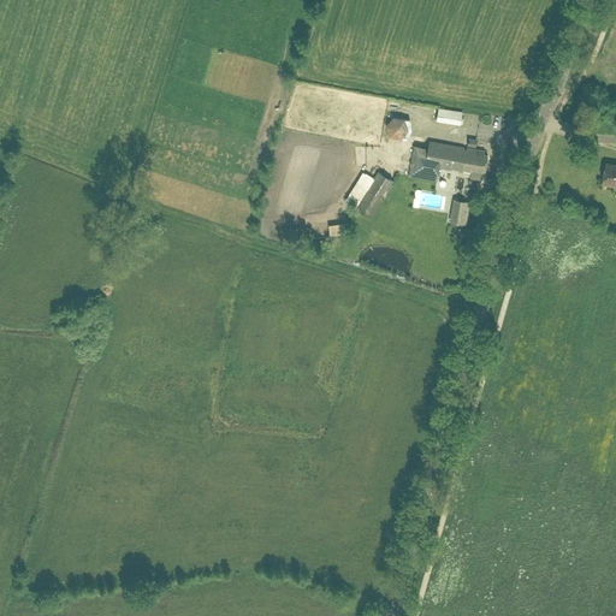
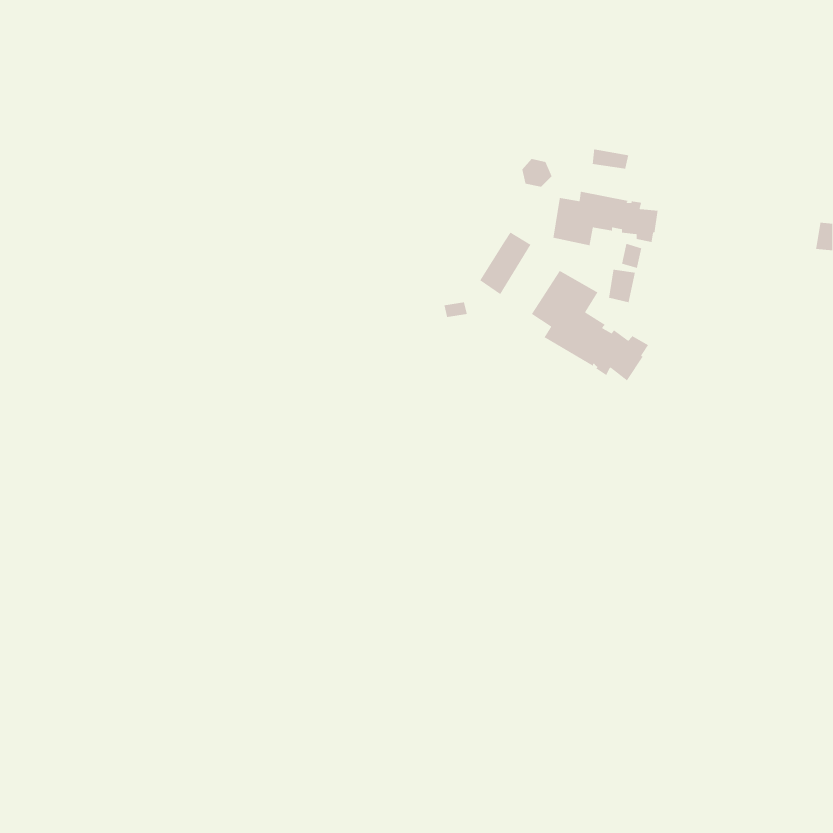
building: none -> [531,270,649,381]

